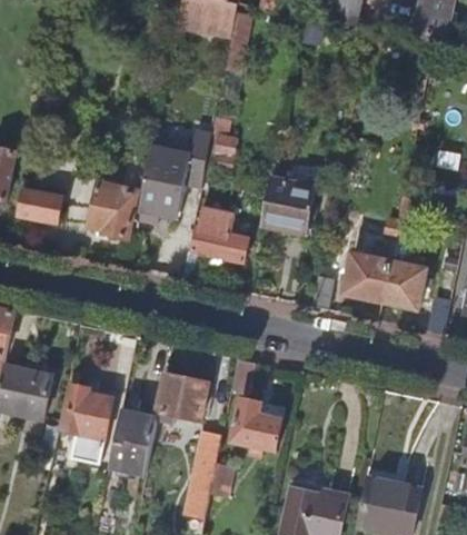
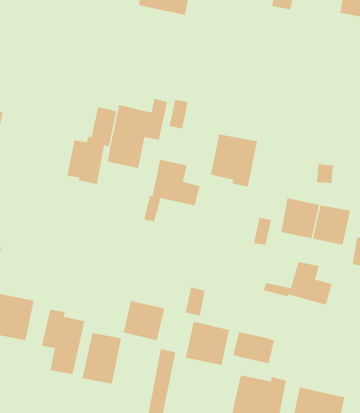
building: [18,189,61,222] -> none
building: none -> [263,261,332,306]
building: none -> [233,331,275,364]

